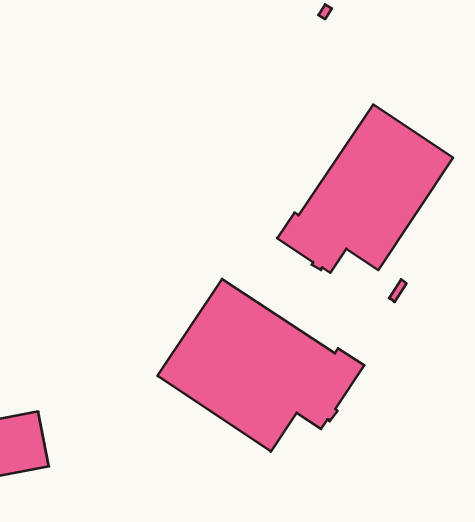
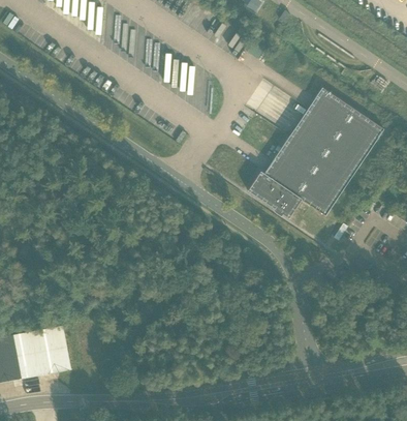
building: [158,279,364,452] -> none

